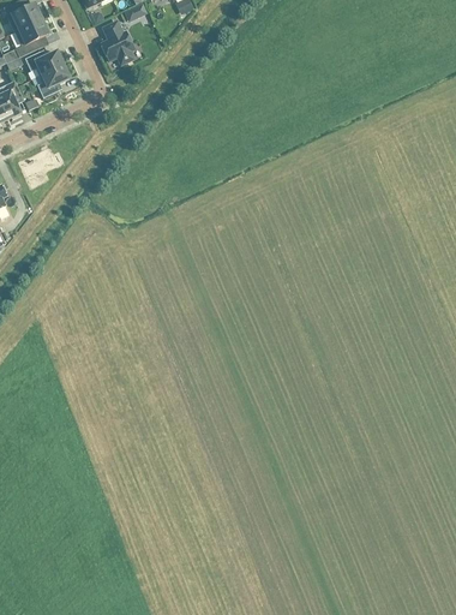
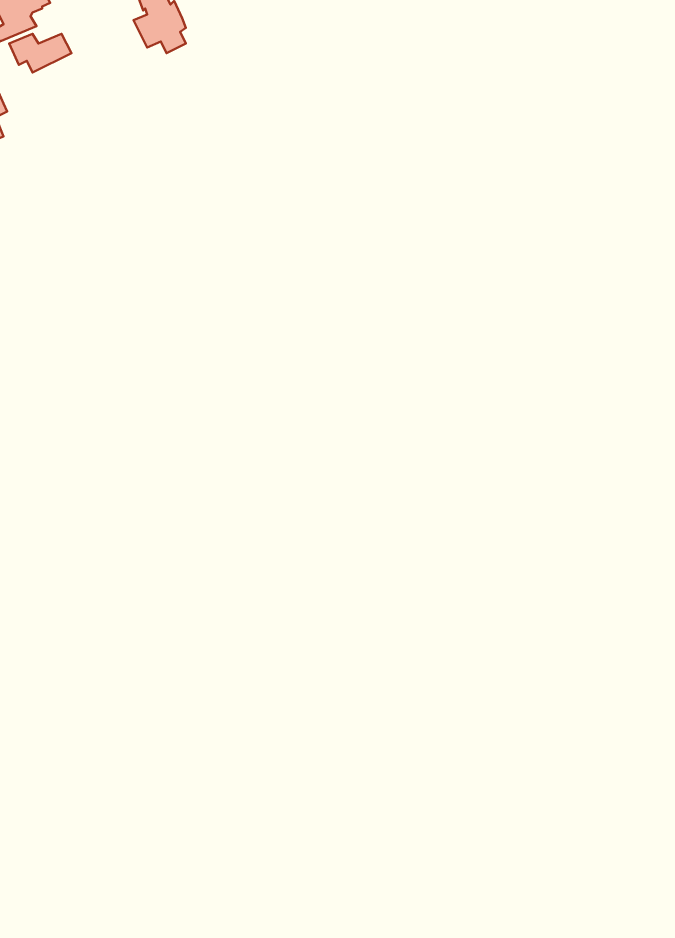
building: [36,62,68,96] -> none

